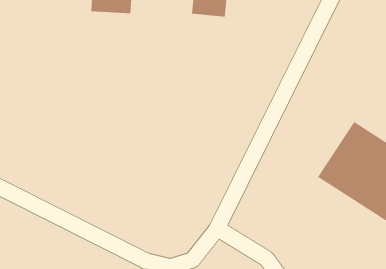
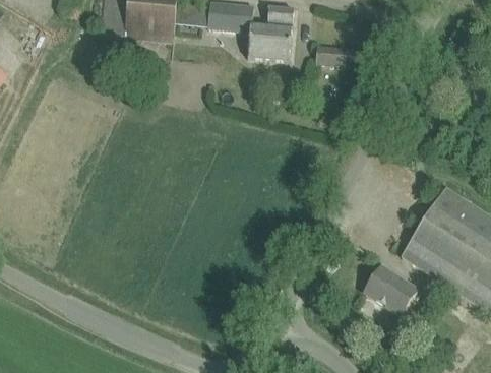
building: none -> [316,45,358,66]
building: none -> [364,266,417,315]

